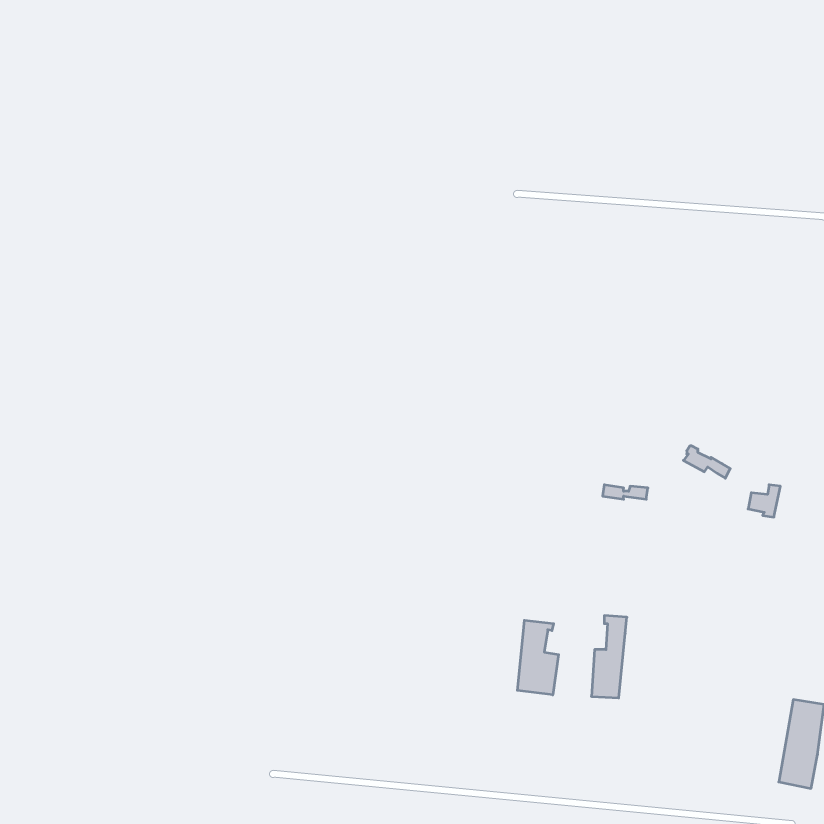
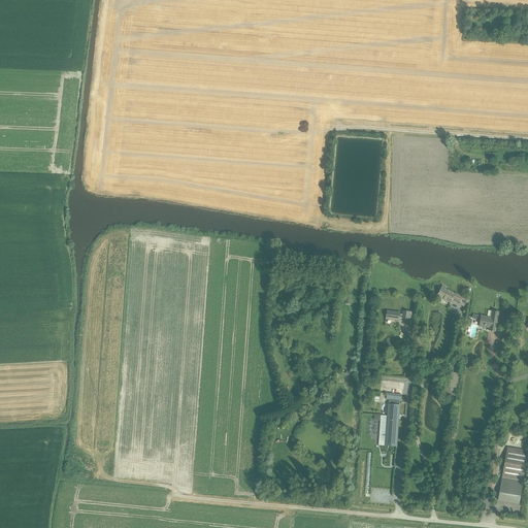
building: [517,620,559,695] -> none

